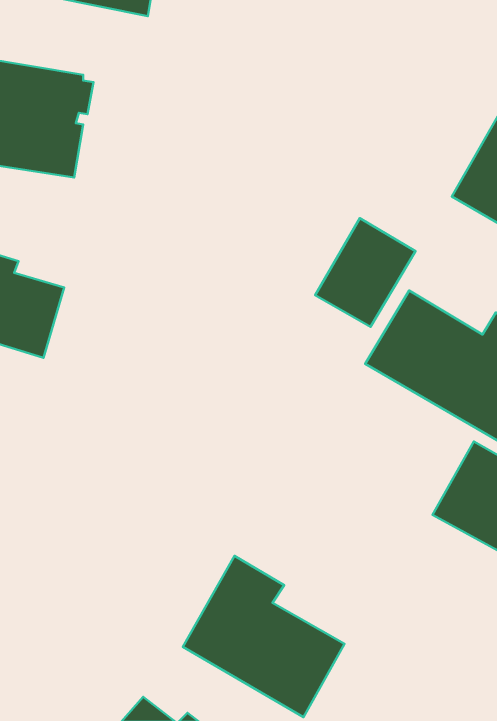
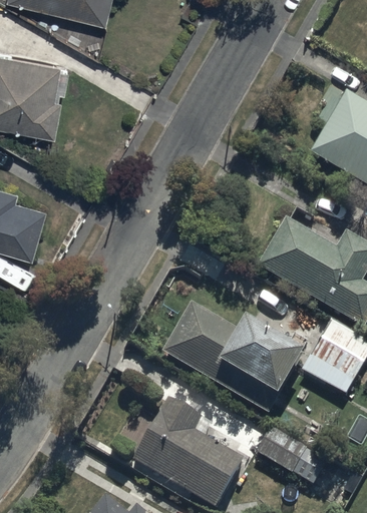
building: [315,218,416,327] -> none
building: none -> [160,301,300,411]
building: none -> [254,425,323,481]

